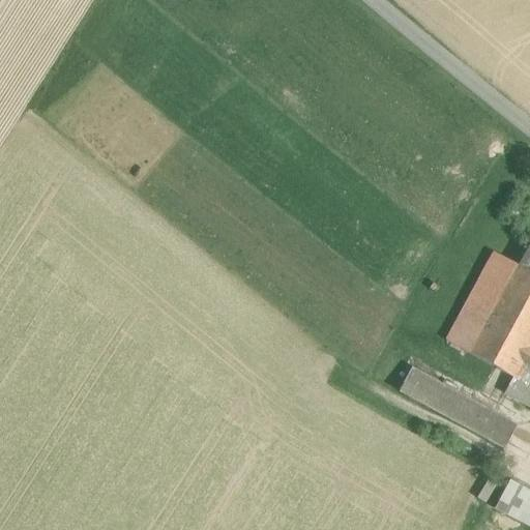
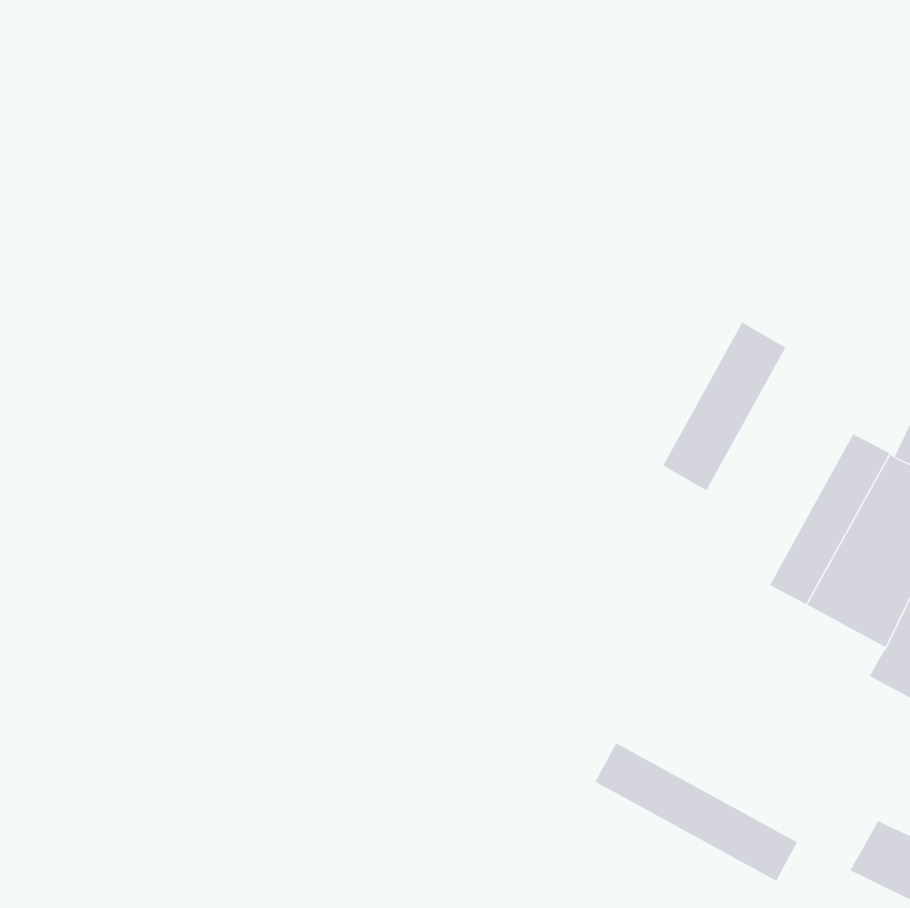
building: none -> [662,322,786,491]
building: [400,366,518,447] -> [594,742,798,882]

